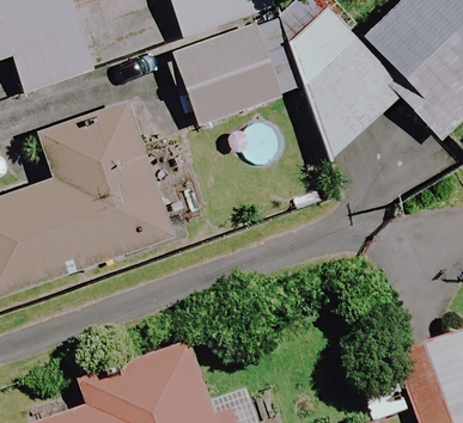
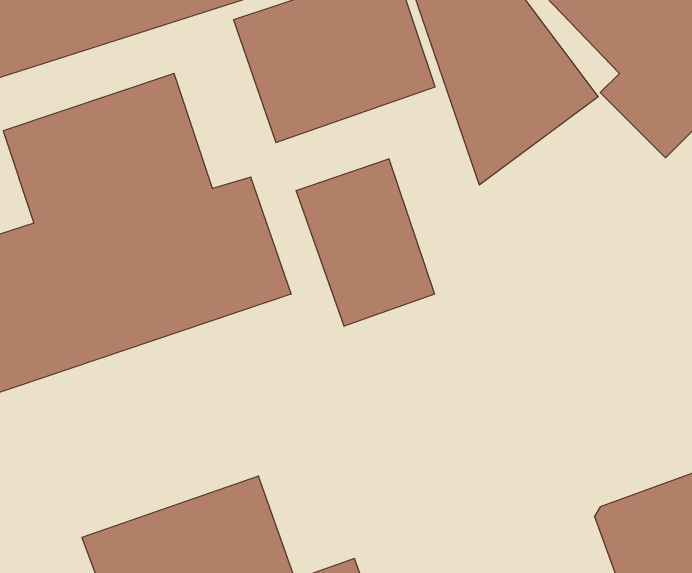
building: none -> [296,159,435,326]

